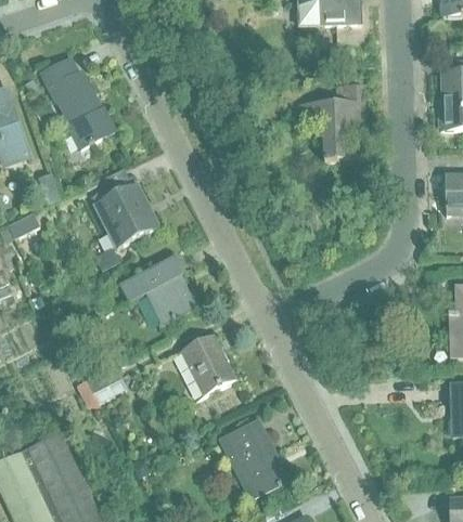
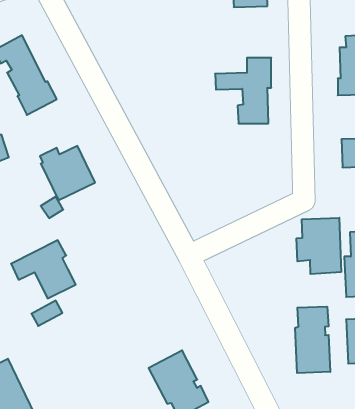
building: [121,256,196,323] -> [11,240,76,298]
building: none -> [297,218,341,274]
building: [182,336,239,396] -> none
building: none -> [295,307,330,373]

